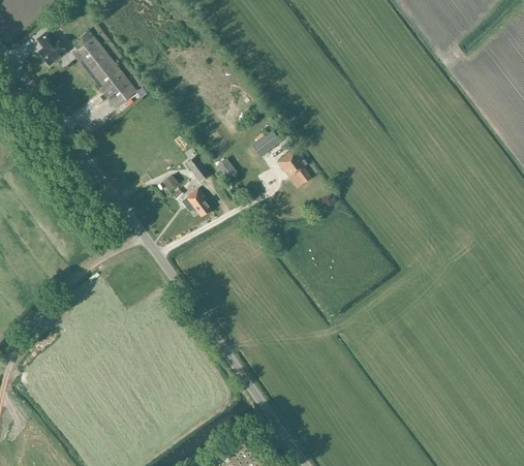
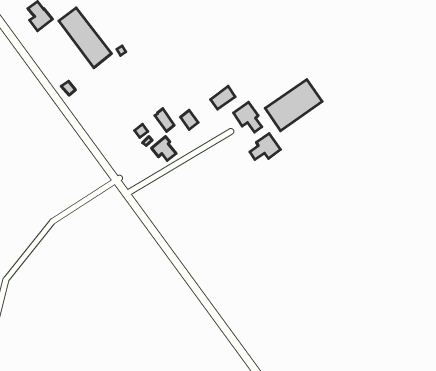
building: none -> [265,80,322,131]
building: none -> [250,134,280,160]

